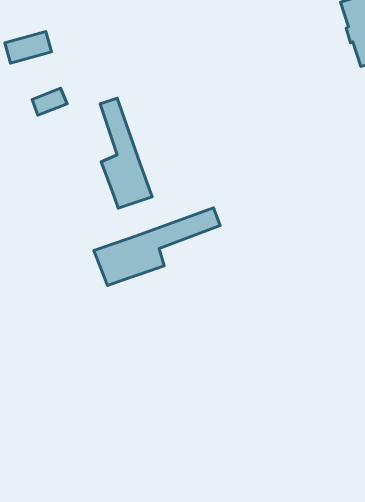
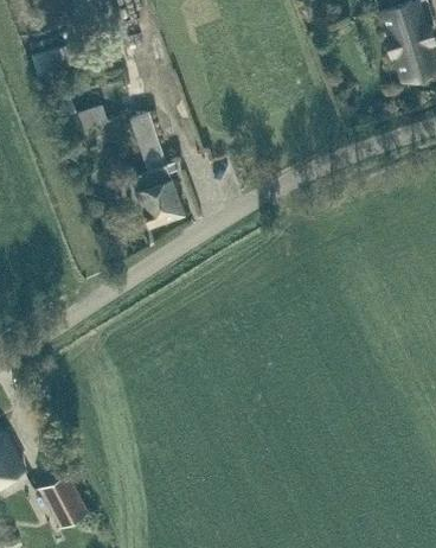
building: [94,208,220,286] -> none
building: none -> [40,474,89,528]

